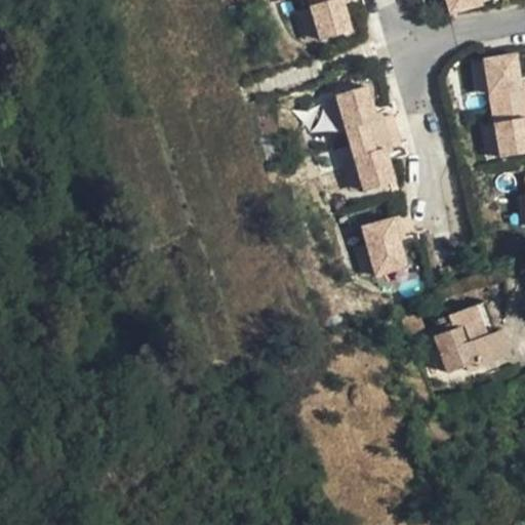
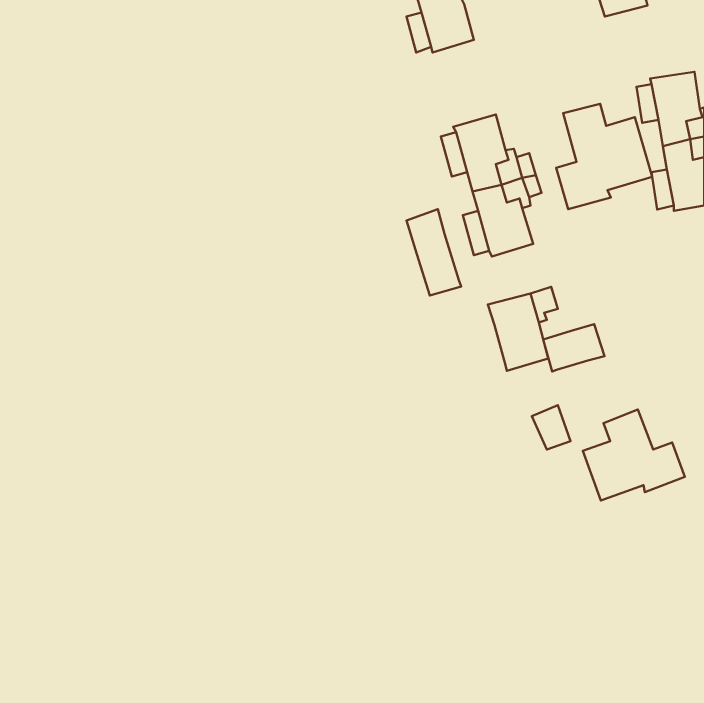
building: none -> [556,104,652,209]
building: none -> [406,209,461,296]
building: none -> [543,324,605,371]

